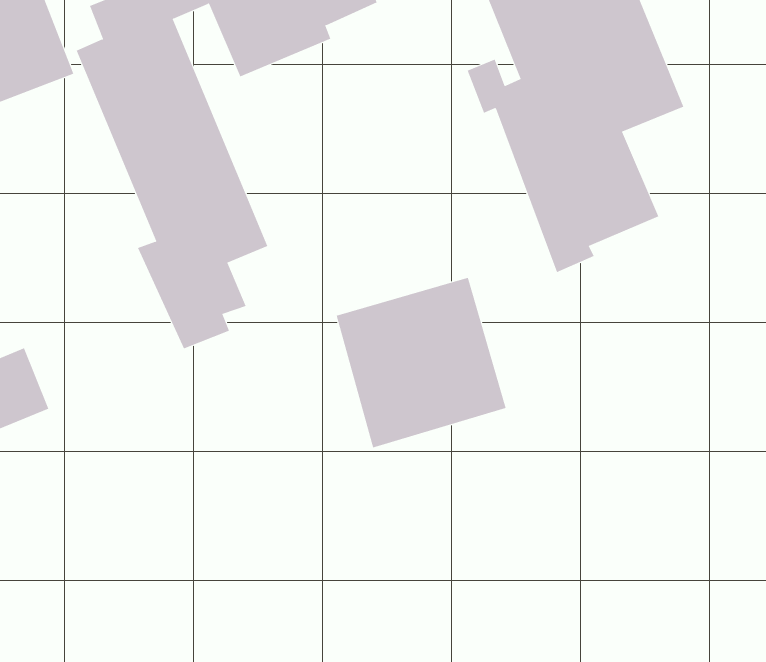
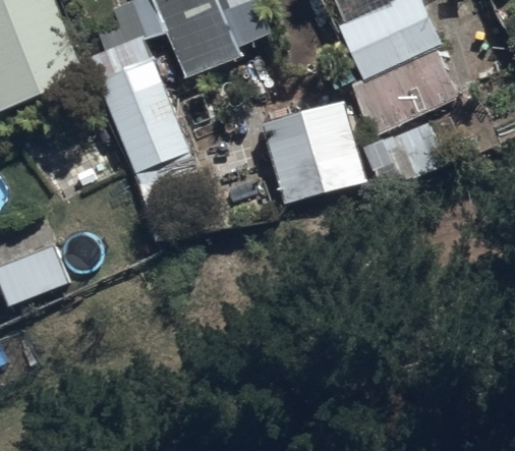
building: [336,277,507,448] -> [262,100,366,205]

